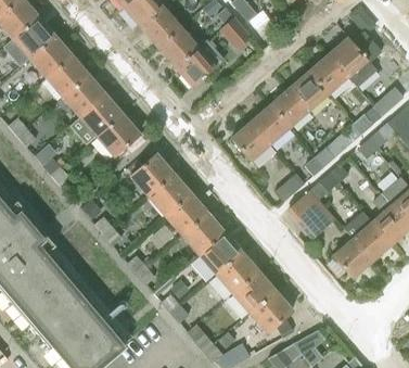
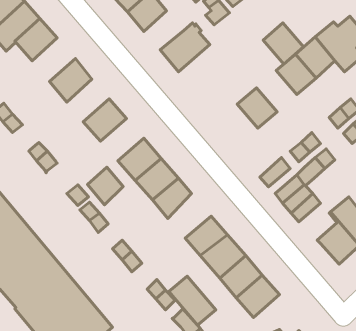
building: [157,26,197,65] -> none
building: [46,53,89,97] -> none
building: [270,86,310,127] -> [263,23,303,64]
building: [80,94,123,137] -> none
building: [230,119,271,161] -> none
building: none -> [87,167,123,205]
building: [181,208,225,253] -> none
building: none -> [169,276,216,325]

